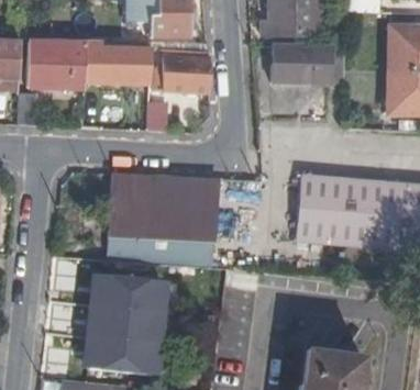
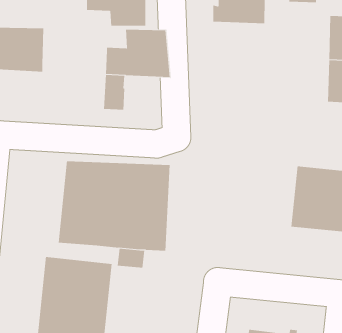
building: [87,38,154,78] -> none
building: [277,41,352,81] -> none
building: [298,178,352,246] -> none

